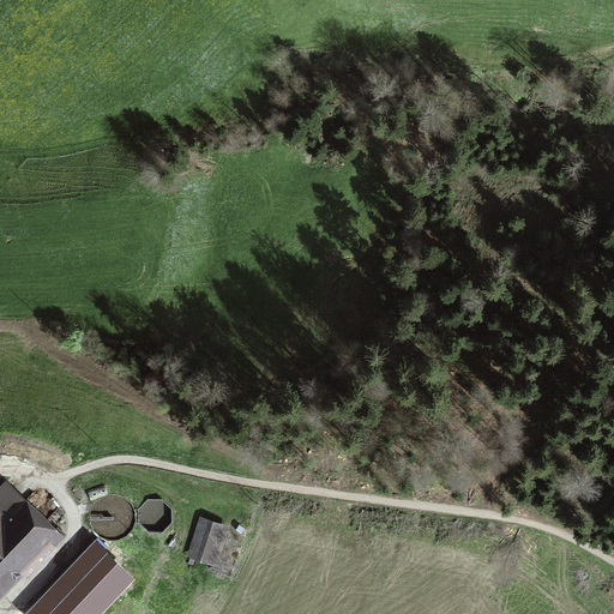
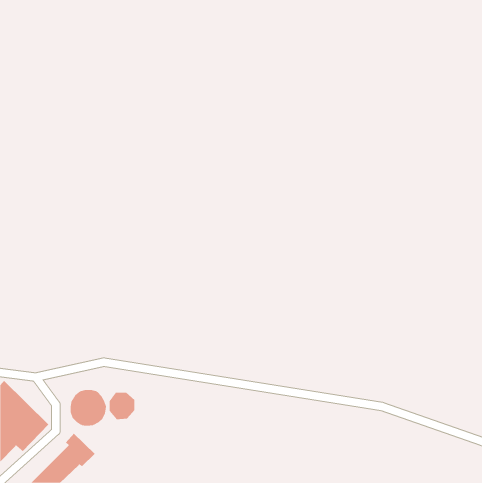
building: [187,520,224,559] -> none

